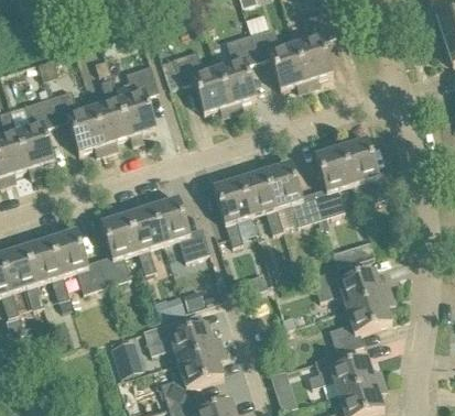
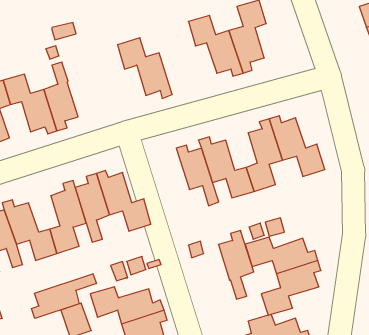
building: [218,33,258,112] -> none
building: [118,65,159,144] -> none
building: [213,171,251,245] -> [218,230,254,299]
building: none -> [32,274,96,318]

